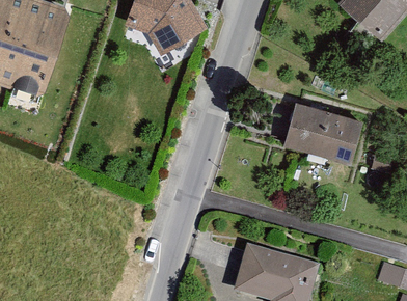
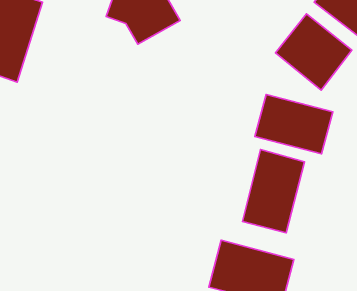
building: none -> [275,14,352,90]
building: none -> [242,150,305,233]

